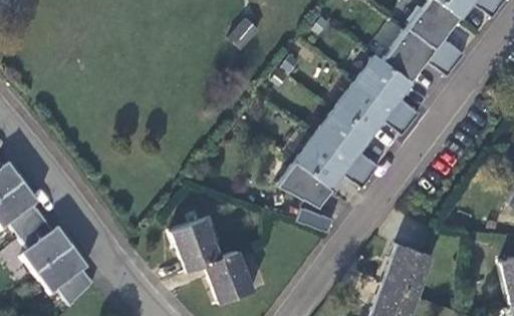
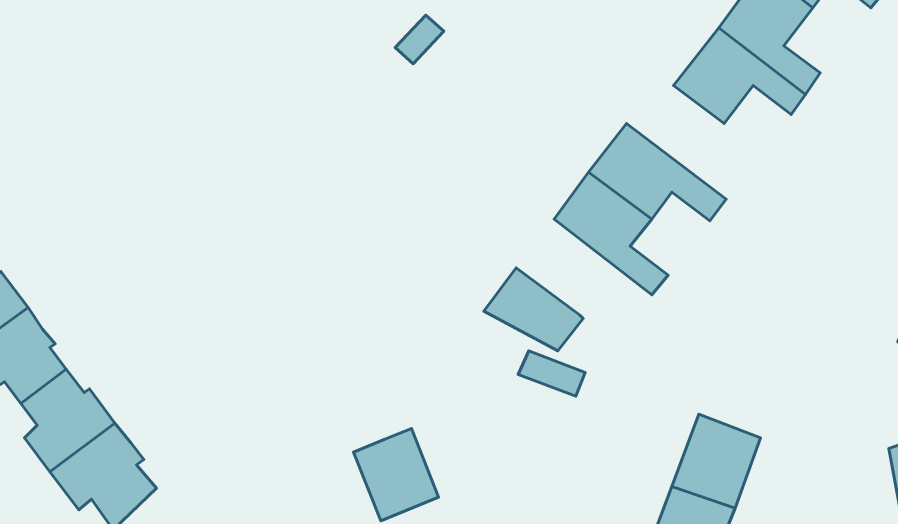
building: [356,54,420,122] -> none
building: [295,133,370,188] -> none
building: [171,217,222,270] -> none

